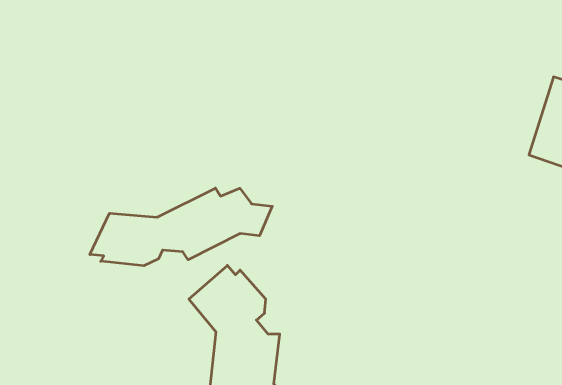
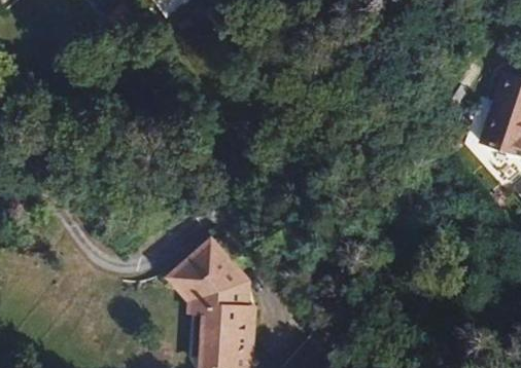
building: [90,188,272,266] -> none

